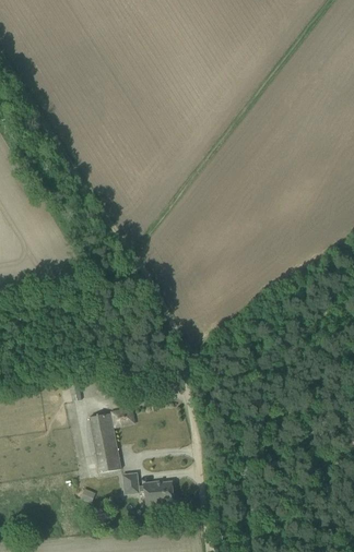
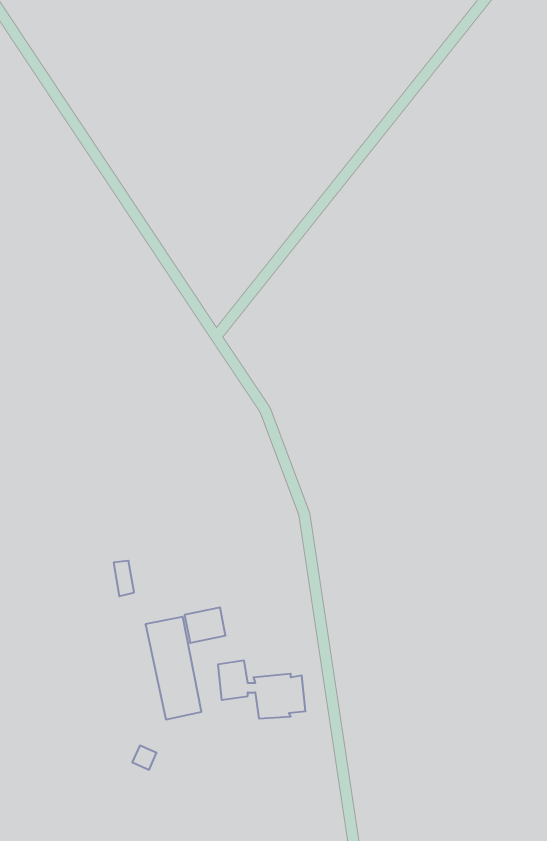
building: [121,471,173,505] -> [218,661,306,719]

